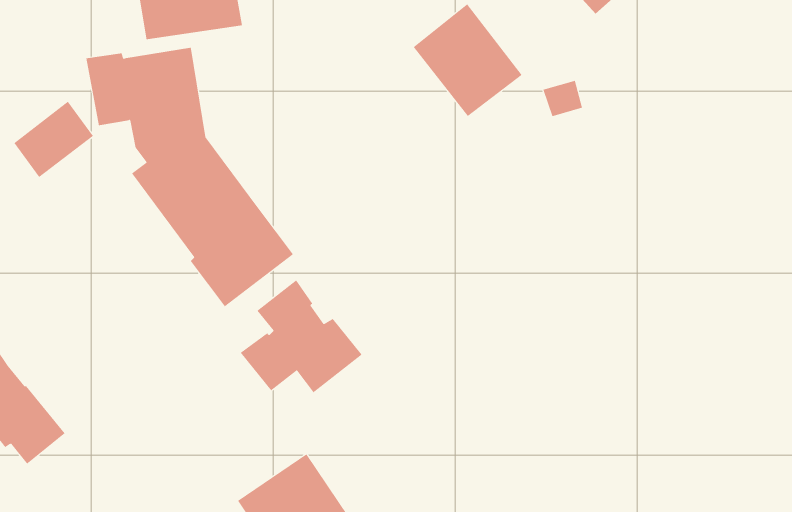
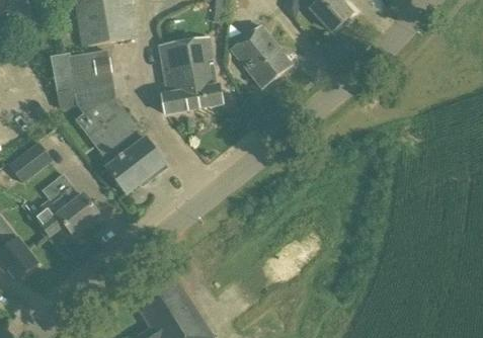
building: none -> [158,35,223,114]
building: [13,101,94,178] -> [8,142,53,184]
building: [240,280,362,393] -> [32,173,100,236]

